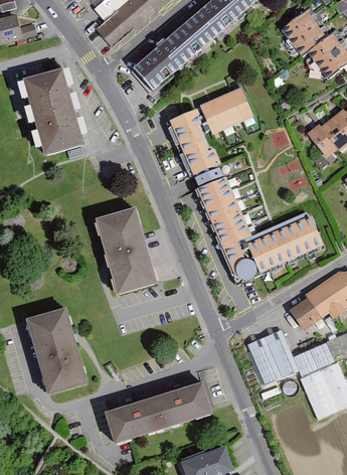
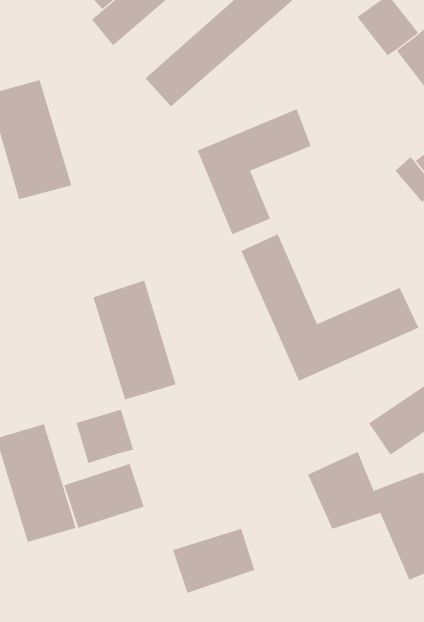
building: none -> [76,409,134,464]
building: [107,397,163,442] -> [63,463,145,529]

